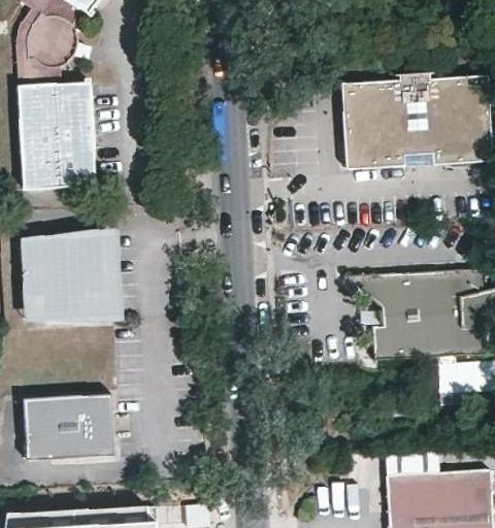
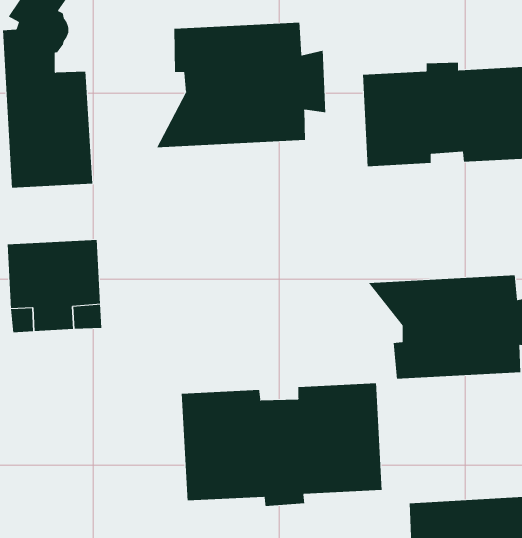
building: none -> [156,22,326,148]
building: none -> [181,383,382,507]
building: [25,391,116,458] -> none

